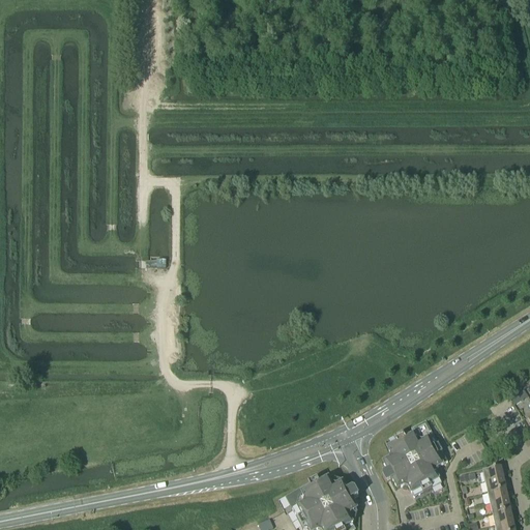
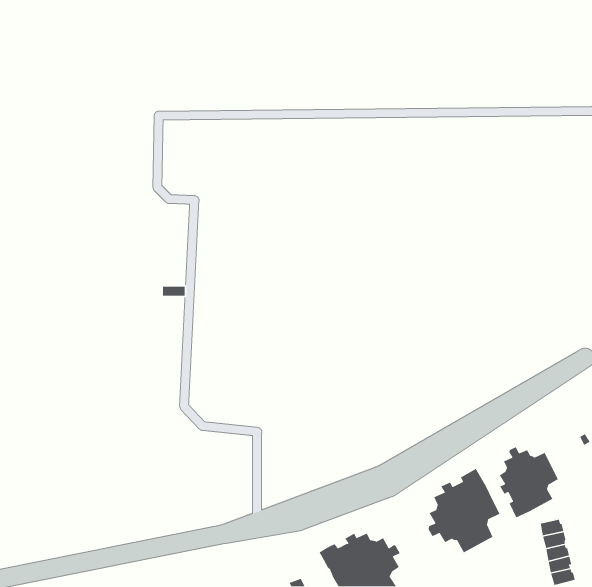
building: none -> [499,446,559,518]

